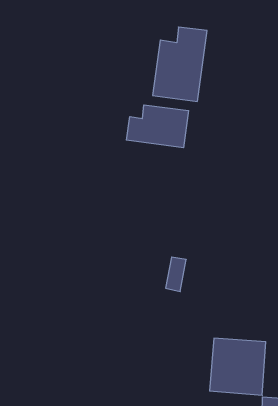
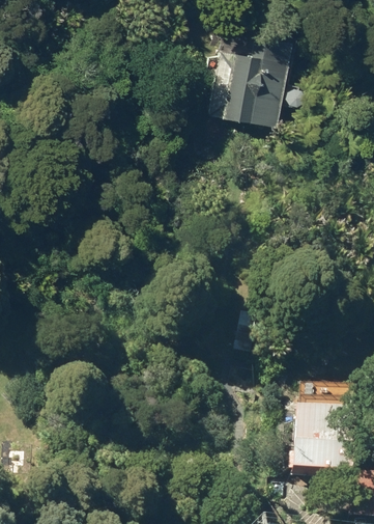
building: [126,105,189,148] -> none

